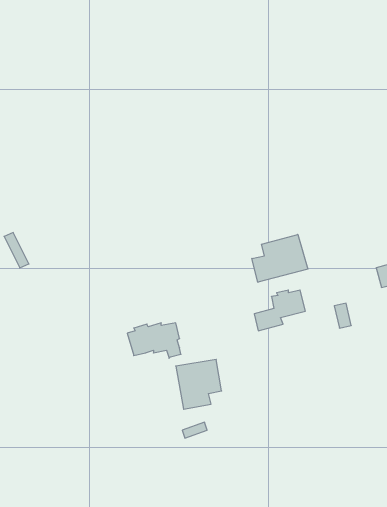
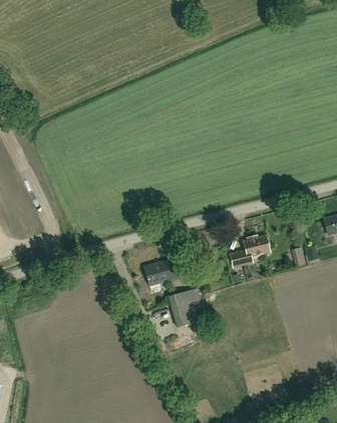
building: [252,234,308,282] -> none

